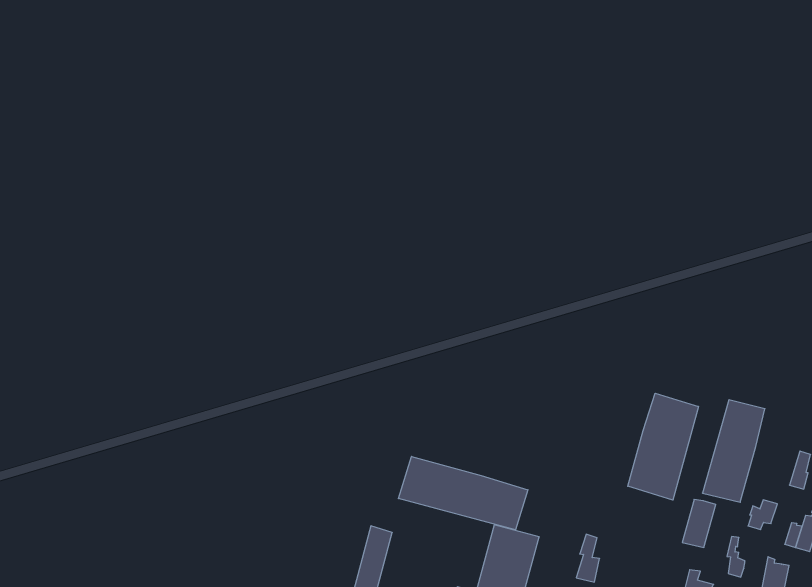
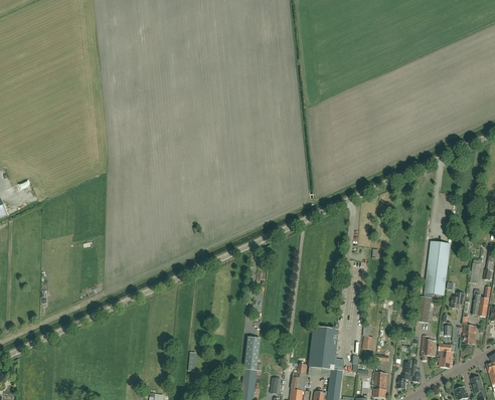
building: [628,393,698,500] -> none
building: [398,456,528,530] -> none

